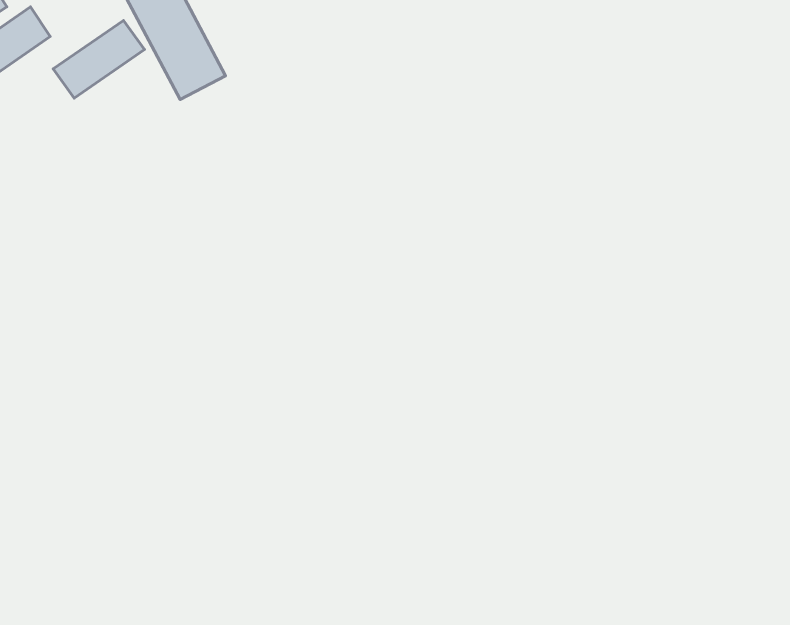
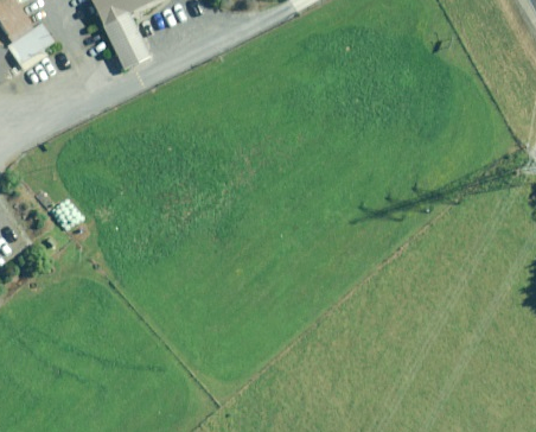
building: [53,20,144,98] -> none

